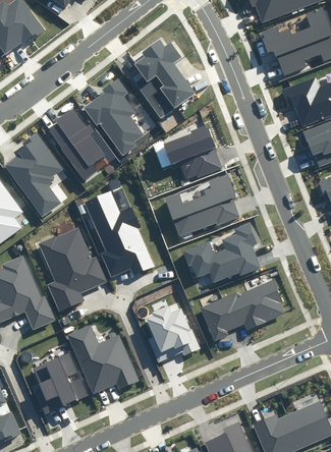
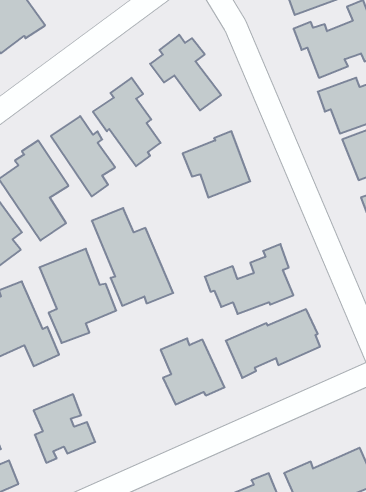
building: [136,75,178,120] -> none
building: [163,175,239,237] -> none
building: [66,325,139,395] -> none

